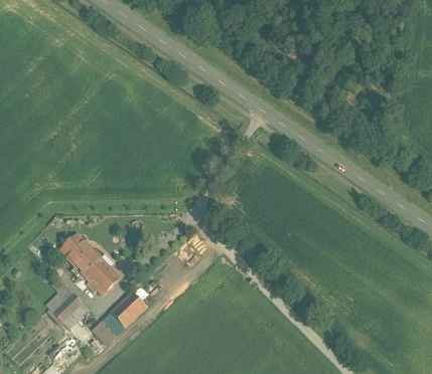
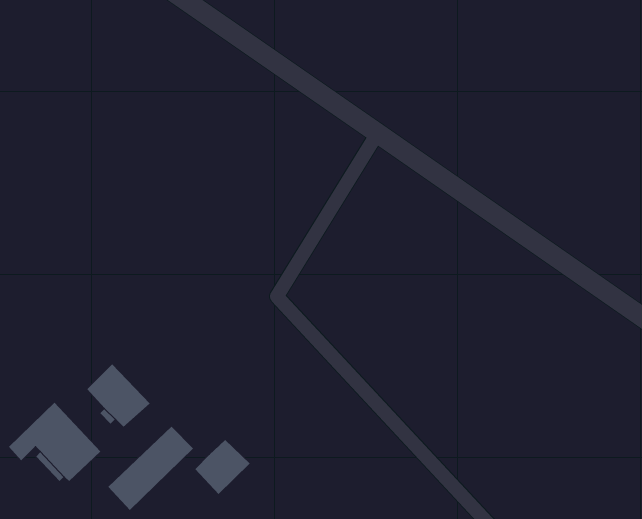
building: [61,234,96,268] -> none
building: none -> [194,439,250,495]

